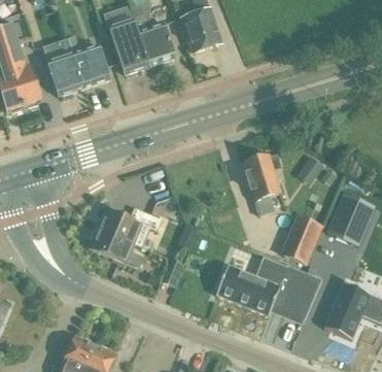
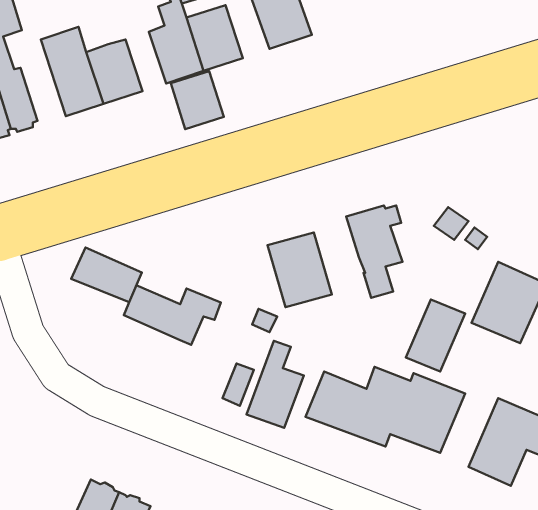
building: none -> [171,71,224,129]
building: none -> [268,232,332,307]
building: [88,227,134,263] -> [71,247,142,302]
building: none -> [246,341,304,428]

